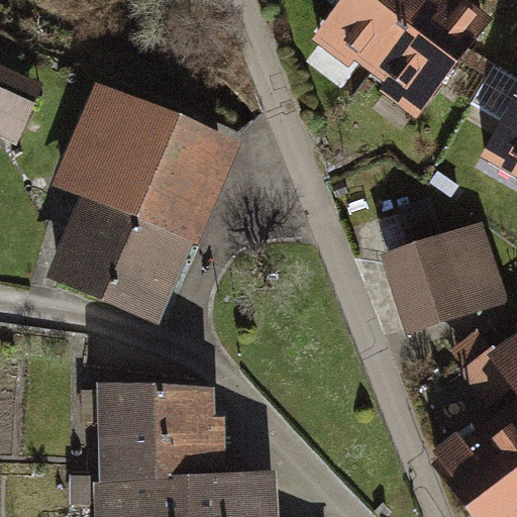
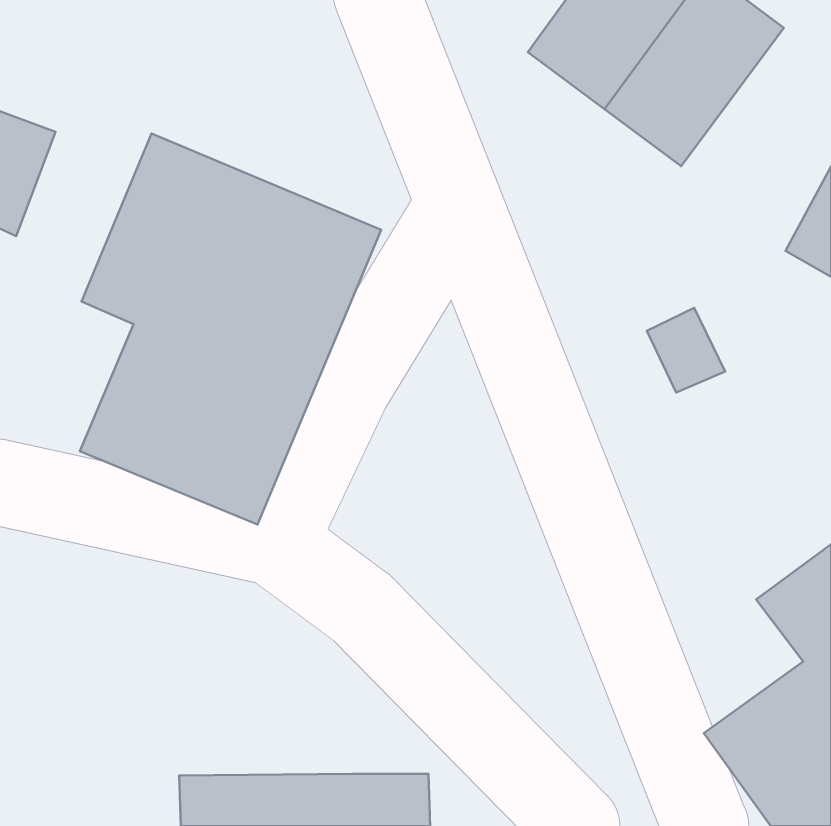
building: [381,226,507,334] -> none
building: [108,388,218,481] -> none

